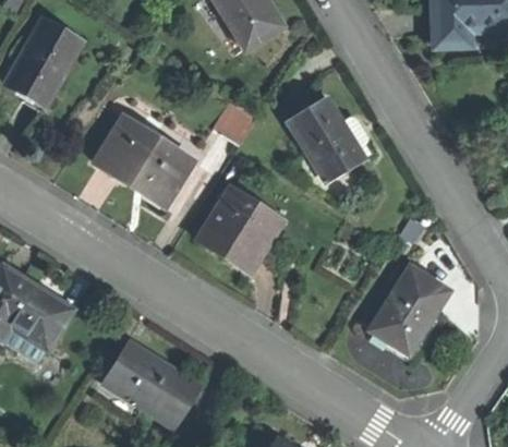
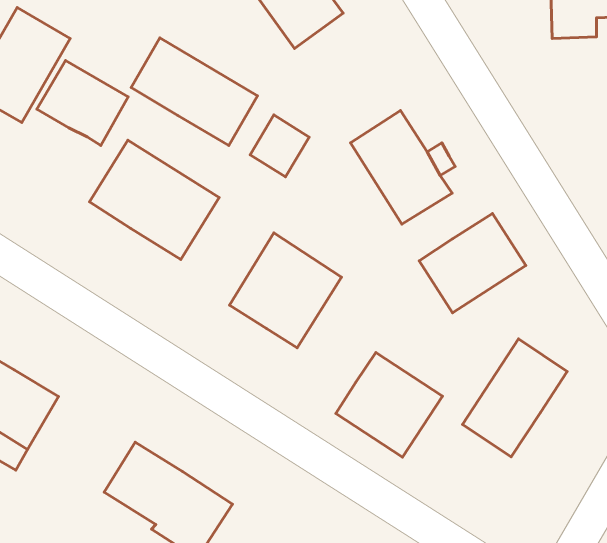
building: none -> [131,38,258,145]
building: none -> [37,60,128,145]
building: none -> [419,213,526,313]
building: none -> [336,352,442,457]

